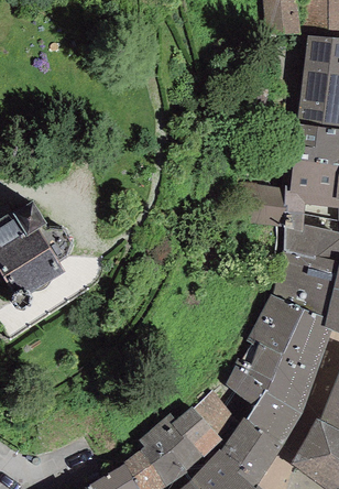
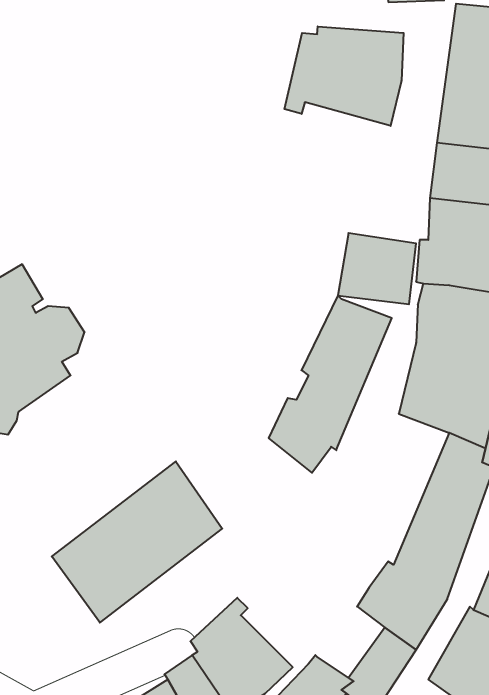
building: none -> [284,26,404,126]
building: [226,294,304,406] -> [269,296,392,473]
building: none -> [52,461,222,623]
building: [172,391,231,457] -> none
building: [220,417,263,464] -> none

